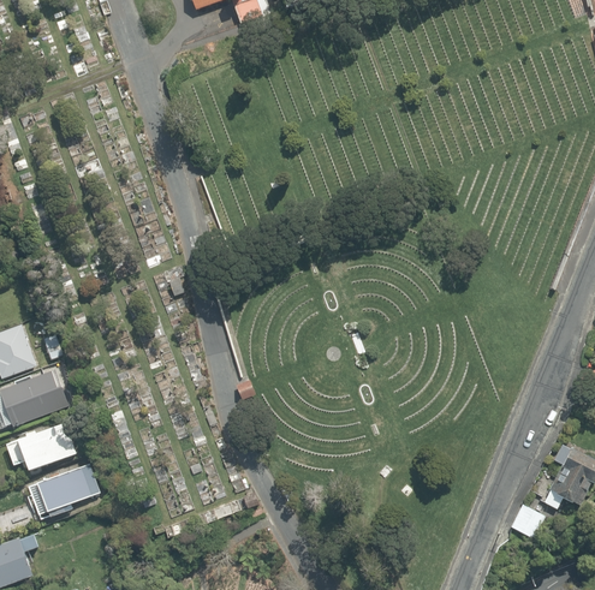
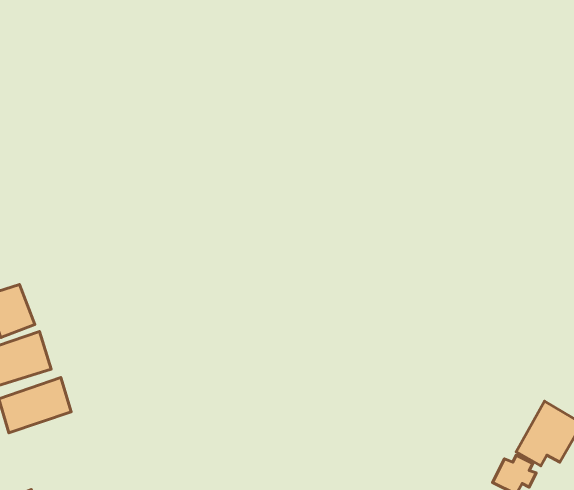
building: [24,463,101,515] -> none

